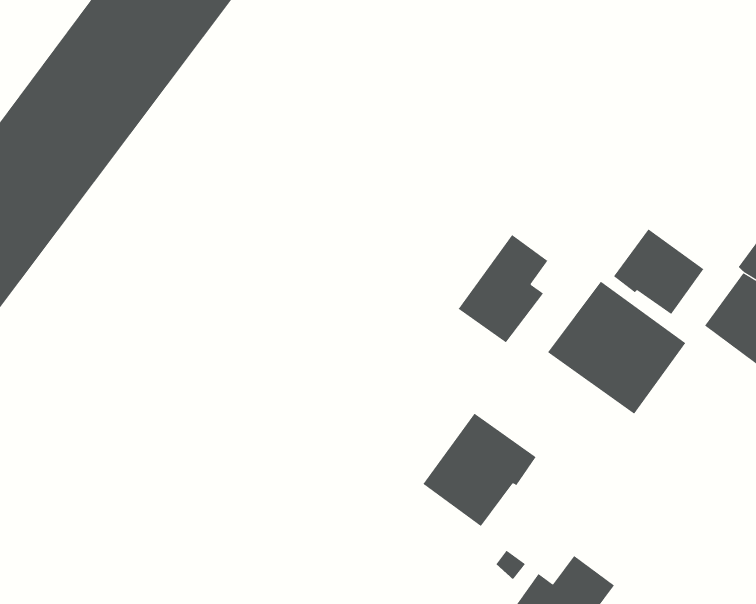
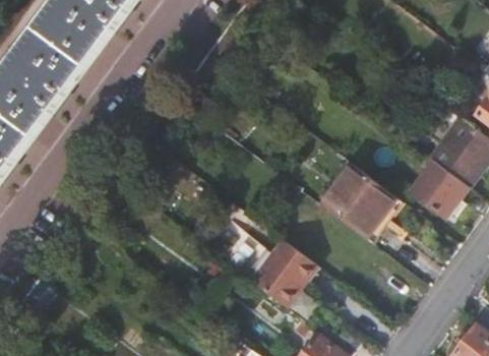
building: [613,229,704,315] -> none
building: [458,234,548,343] -> none

